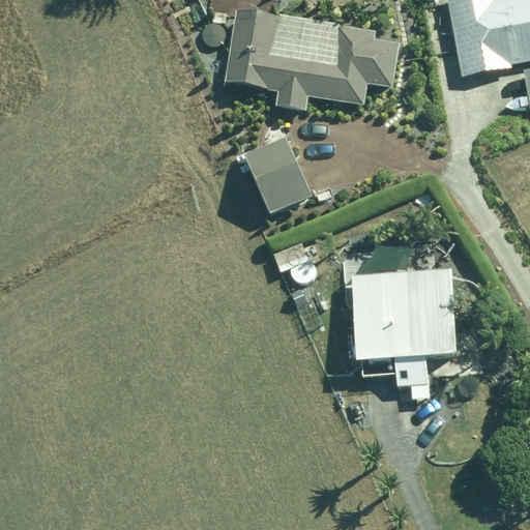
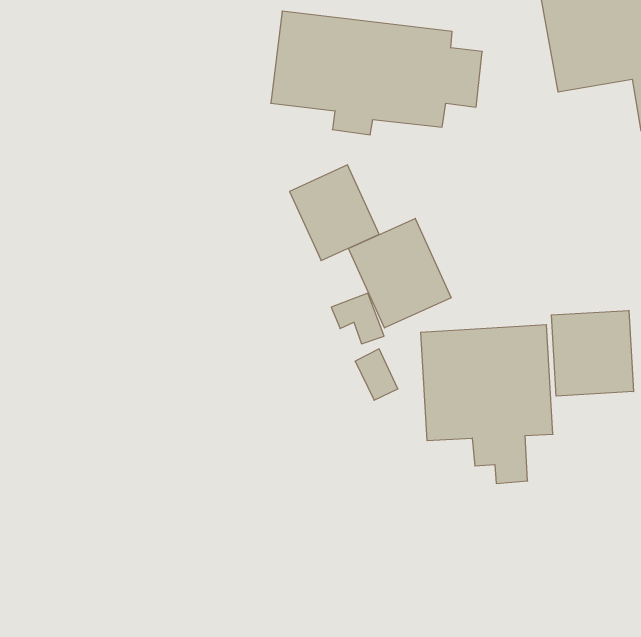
building: none -> [348,218,451,328]
building: none -> [551,310,634,396]

